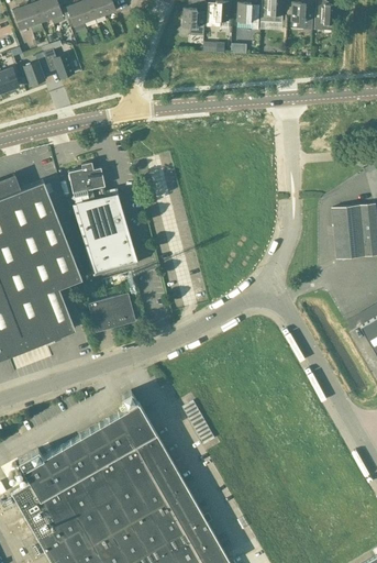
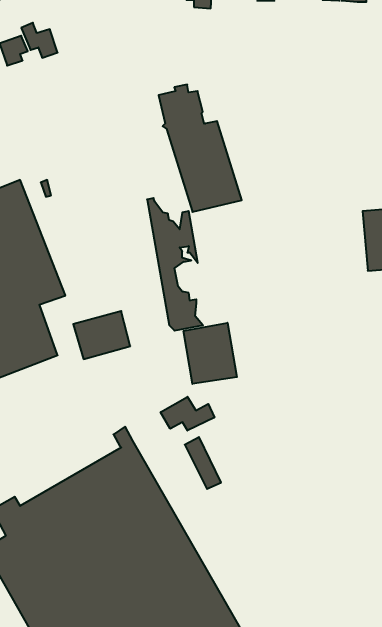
building: [67,163,137,271] -> [159,85,242,212]
building: none -> [184,323,237,384]
building: none -> [161,397,214,431]

